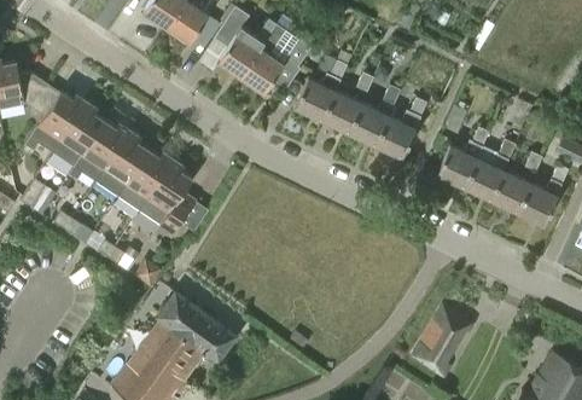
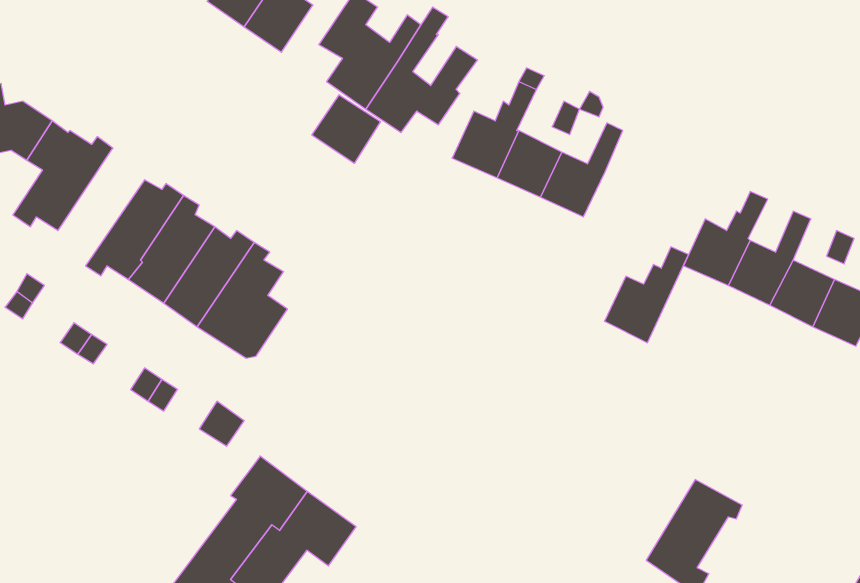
building: none -> [312,95,380,163]
building: [376,98,427,157] -> [604,247,689,343]
building: [52,102,105,167] -> none

